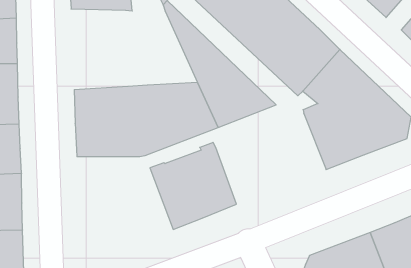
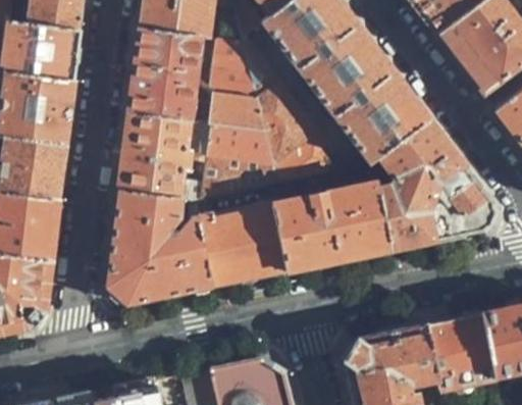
building: none -> [130,27,201,121]
building: none -> [210,42,266,130]
building: none -> [274,183,390,269]
building: none -> [108,189,213,303]

